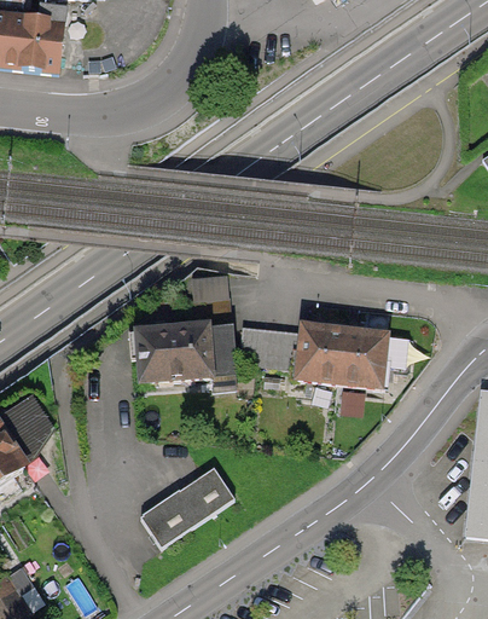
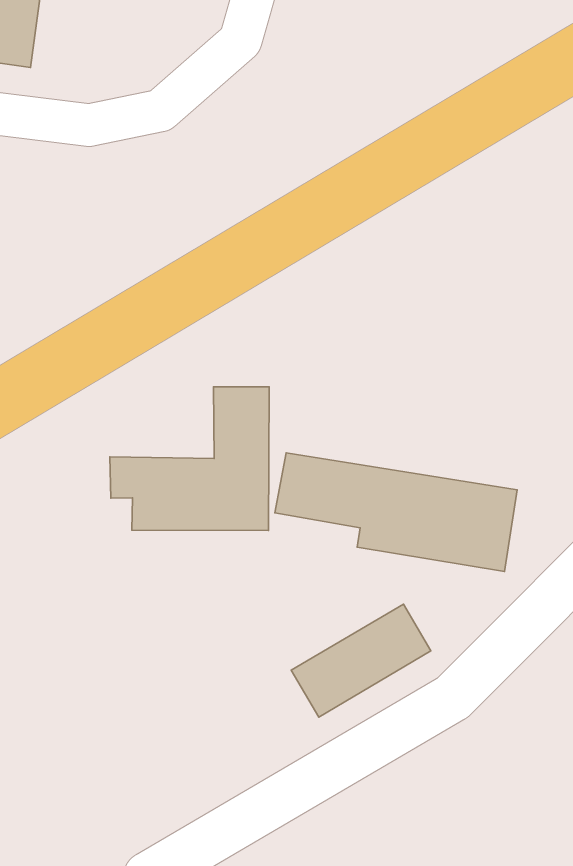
building: [141,468,234,548] -> [291,604,431,717]

